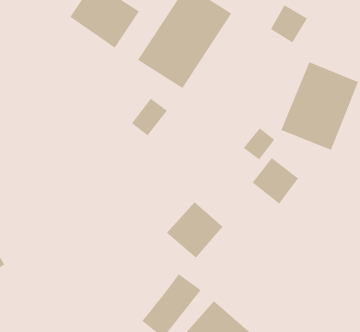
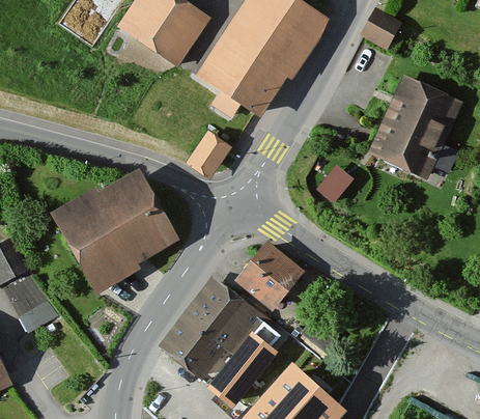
building: none -> [65,174,179,283]
building: [252,157,299,204] -> none
building: none -> [158,272,264,376]

